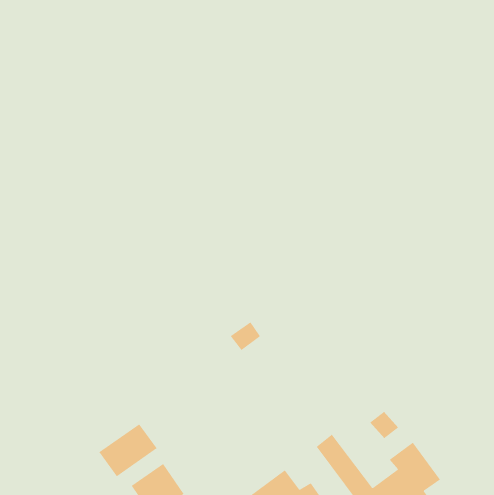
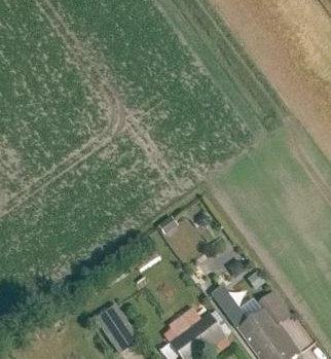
building: [99,423,157,477] -> none

